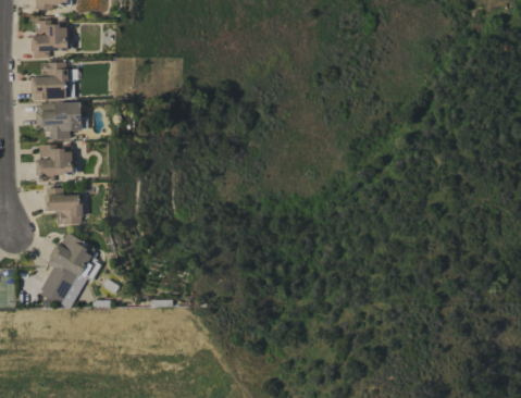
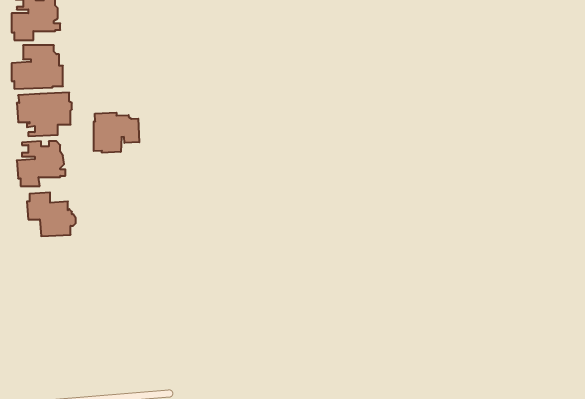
building: none -> [94,113,139,153]
building: [40,234,101,302] -> none

